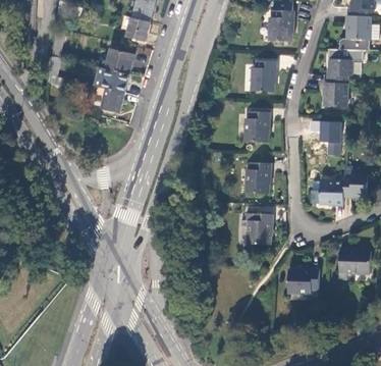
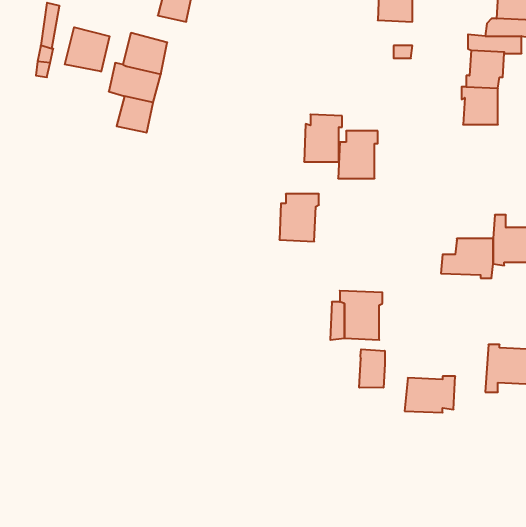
building: none -> [65,27,110,72]
building: [252,59,276,90] -> [304,114,342,162]
building: [309,118,342,155] -> none
building: [246,162,271,193] -> [279,194,319,241]
building: none -> [359,349,385,388]

